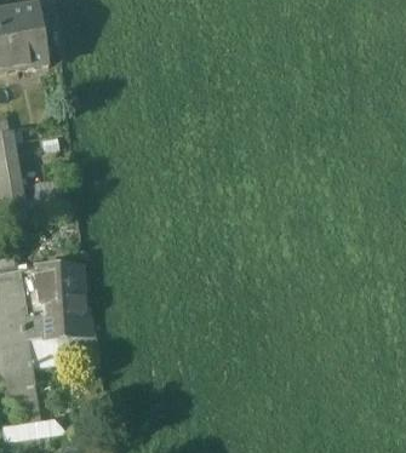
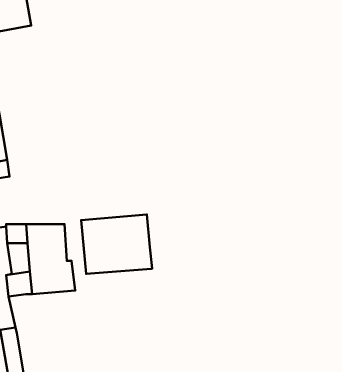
building: none -> [81,215,152,274]

